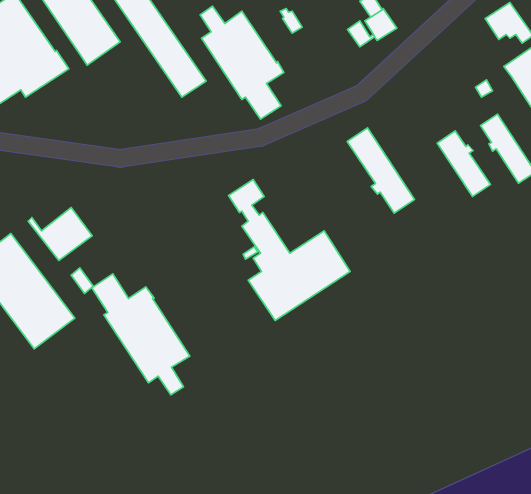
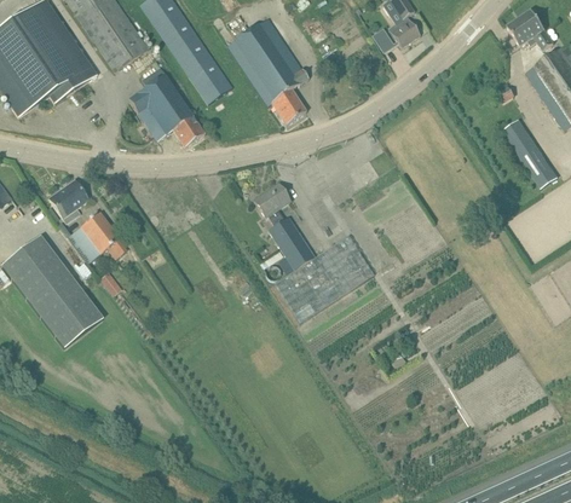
building: none -> [129,65,204,145]
building: [347,128,414,213] -> none
building: [437,131,490,197] -> none
building: none -> [48,179,88,221]
building: [92,274,190,395] -> none

